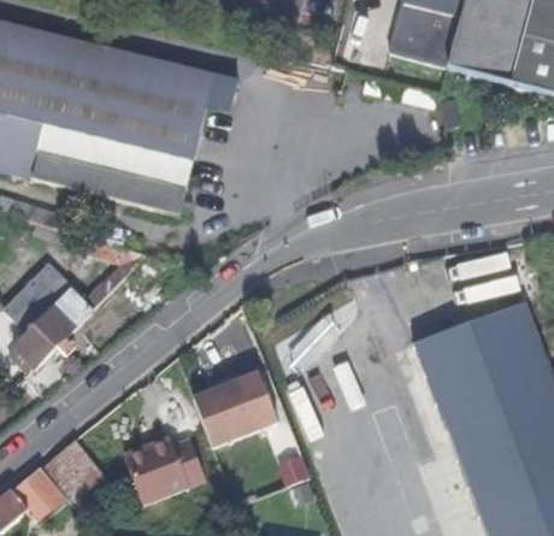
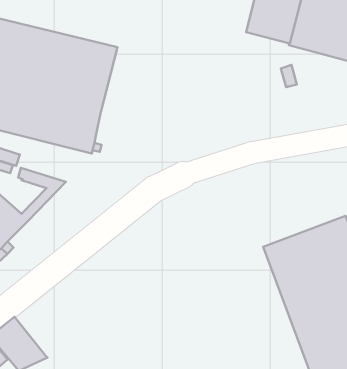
building: [212,370,279,443] -> none
building: [123,434,206,502] -> none

